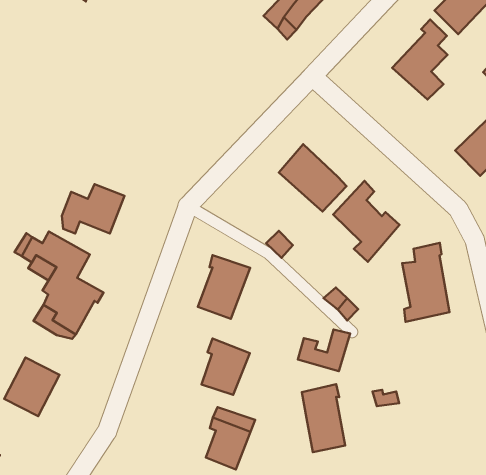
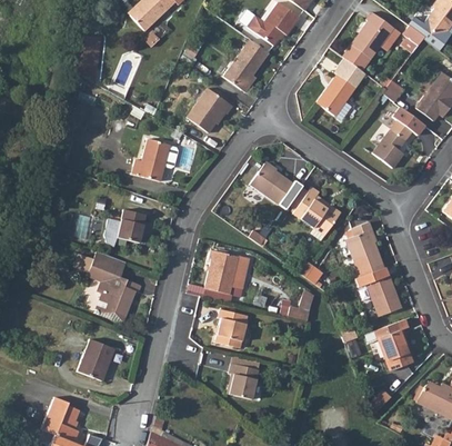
building: none -> [189,86,233,132]
building: none -> [129,139,177,181]
building: none -> [354,266,401,318]
building: [302,384,345,452] -> [375,320,411,370]

